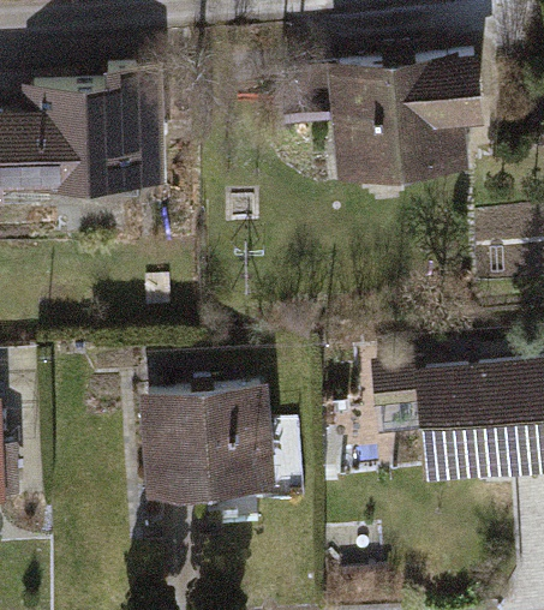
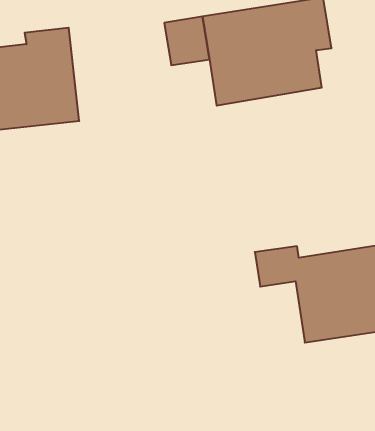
building: [139,391,271,501] -> none

